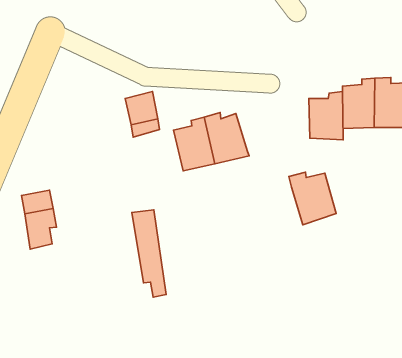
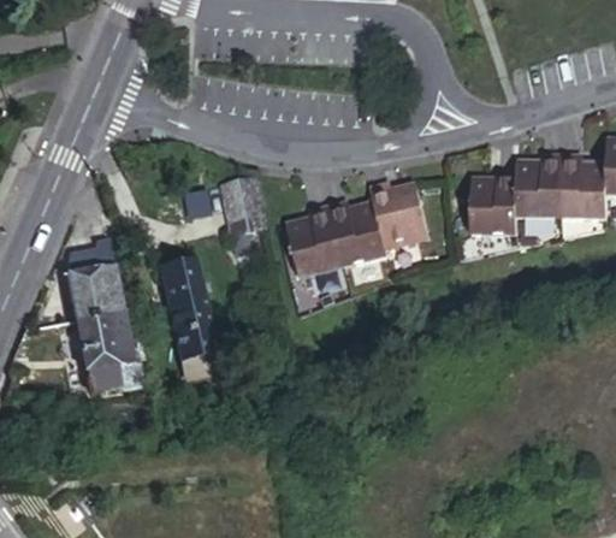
building: none -> [66,246,116,312]
building: [289,172,336,225] -> [367,179,432,252]
building: [132,210,166,297] -> [164,250,211,369]

